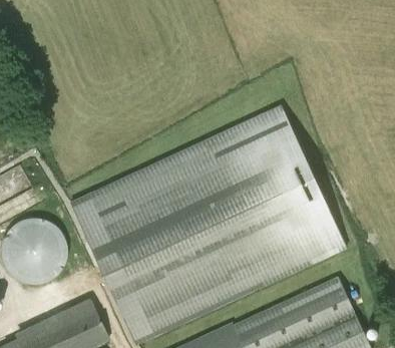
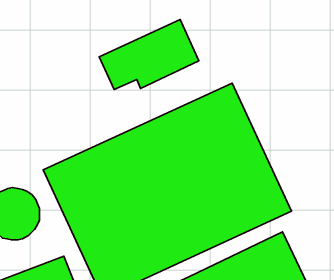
building: none -> [99,19,199,89]

